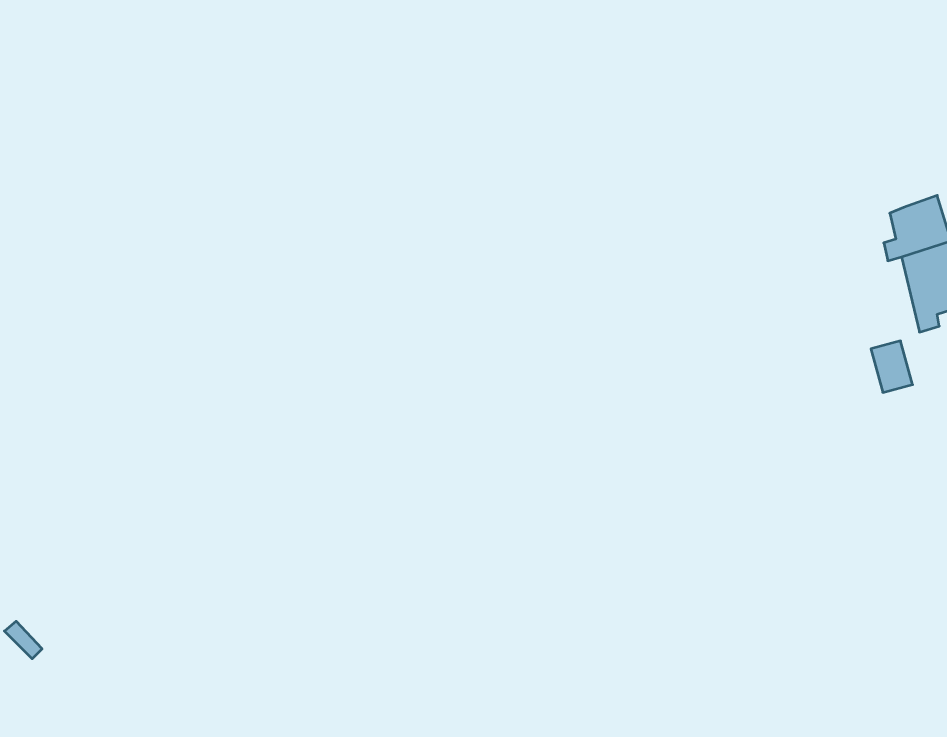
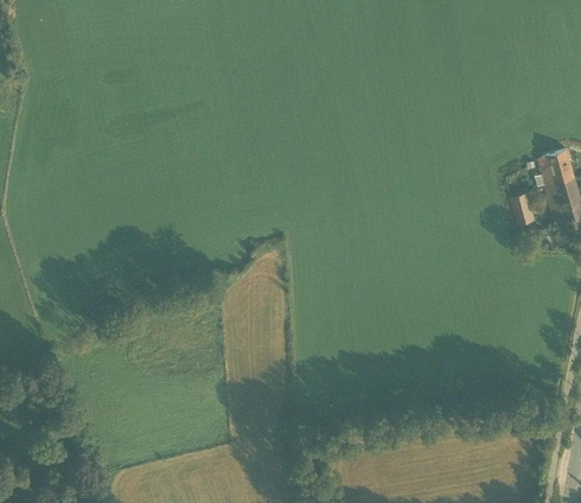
building: [871,341,913,392] -> [512,195,537,225]

